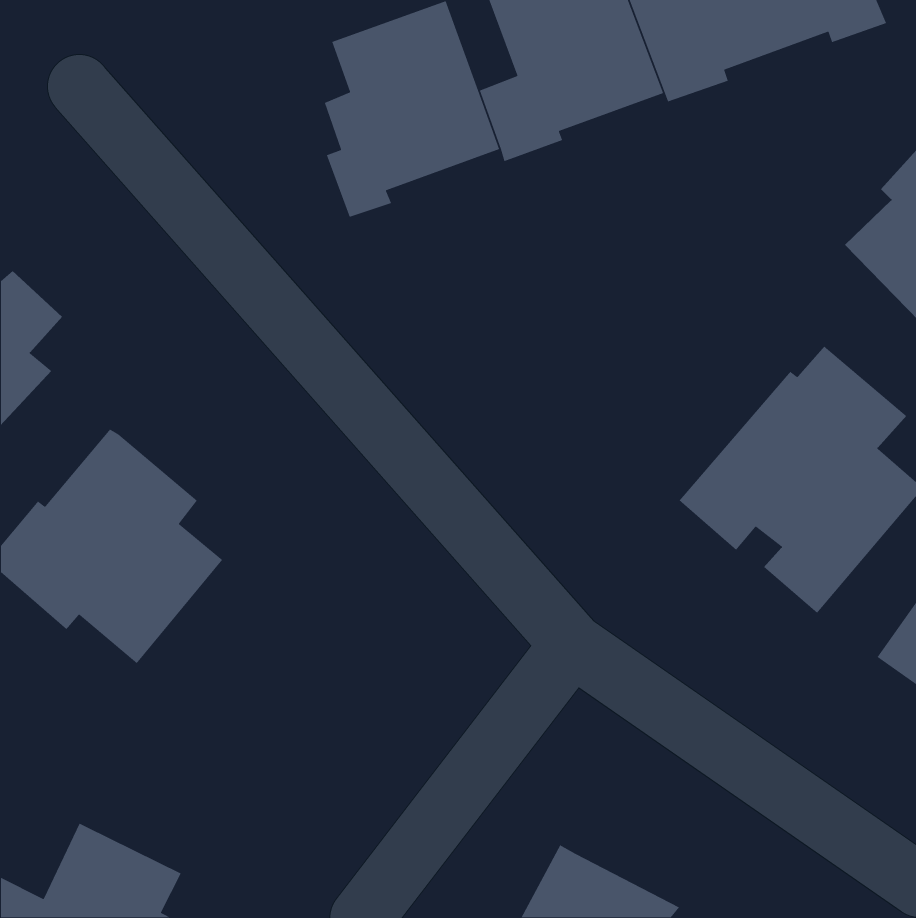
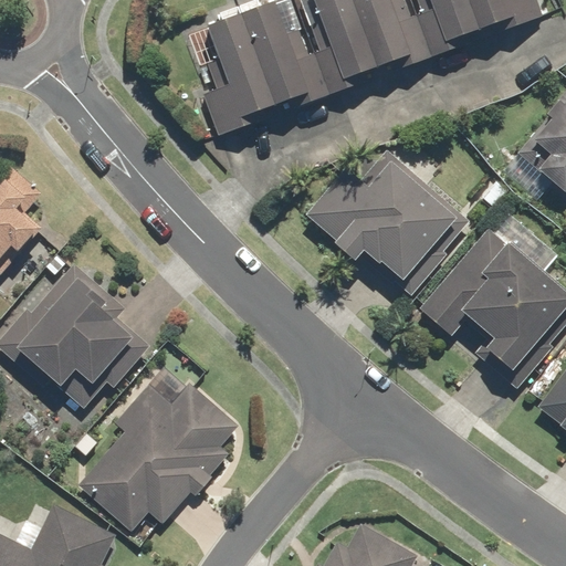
building: none -> [310,150,471,291]
building: none -> [80,384,237,542]

